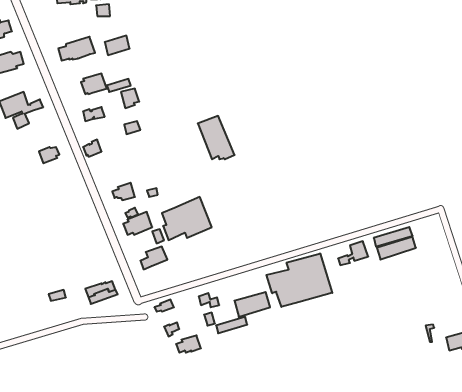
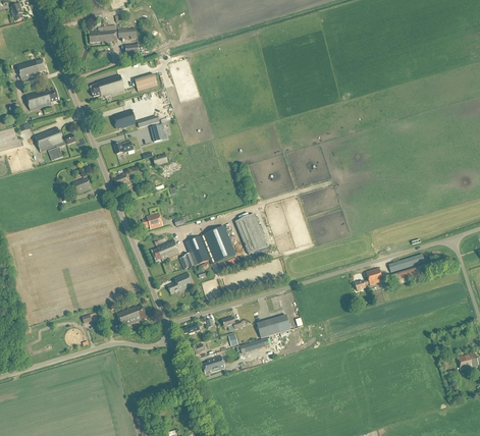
building: [198,116,235,159] -> [234,214,269,255]
building: [266,253,332,307] -> none

